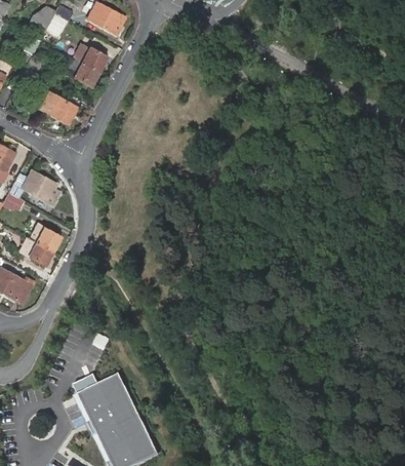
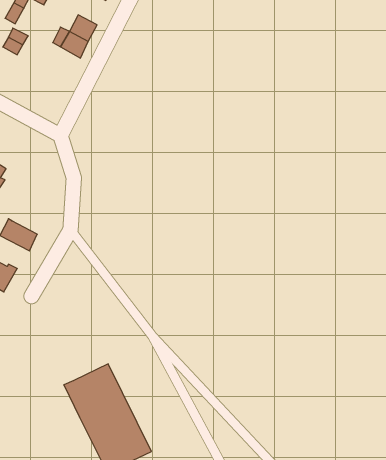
building: [40,92,78,124] -> none
building: [24,170,60,203] -> none
building: [29,224,60,250] -> none

